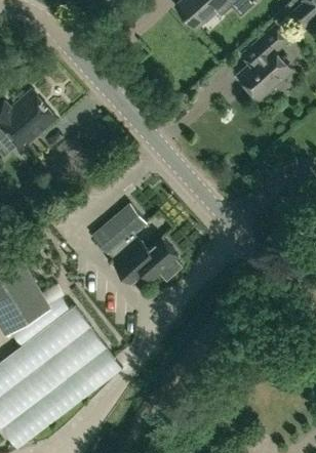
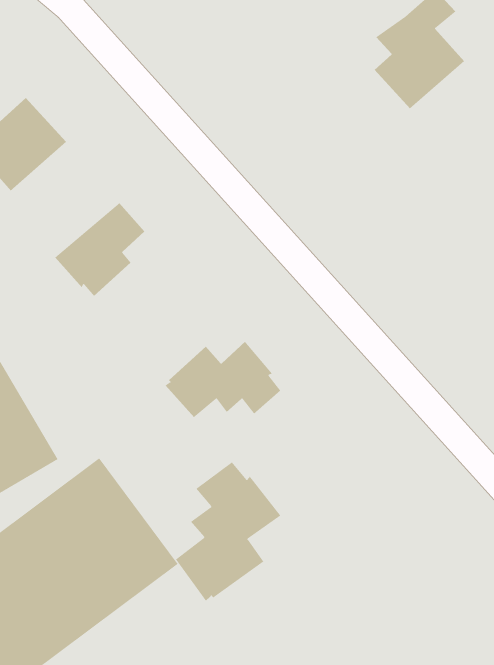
building: [91,206,146,262] -> [54,202,145,297]
building: none -> [175,462,281,601]

